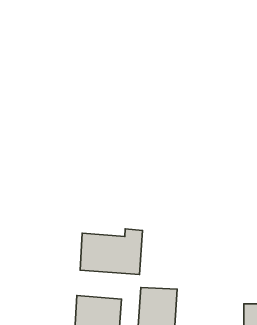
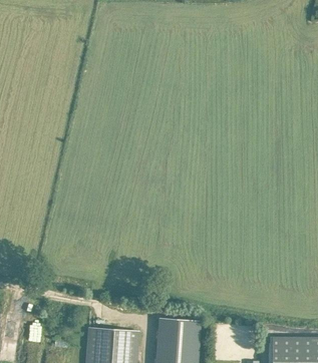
building: [80,229,143,274] -> none

